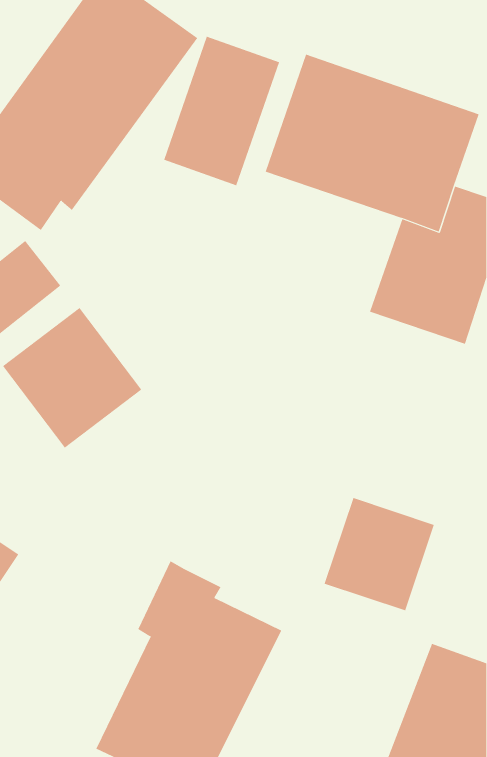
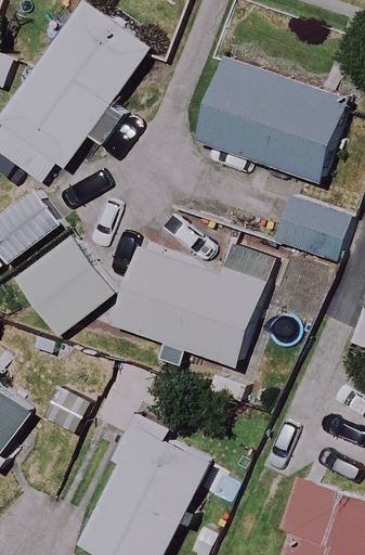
building: [163,36,280,186] -> none
building: none -> [113,247,265,365]
building: [324,497,435,611] -> none

